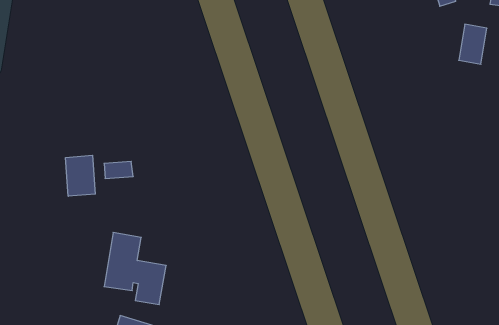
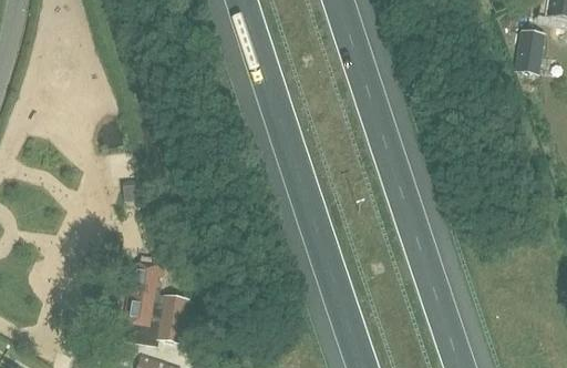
building: [66,155,95,196] -> none

